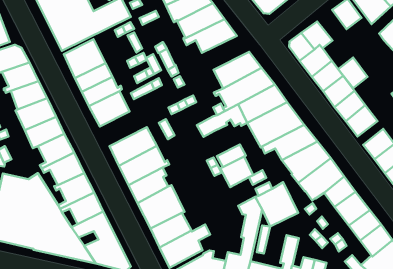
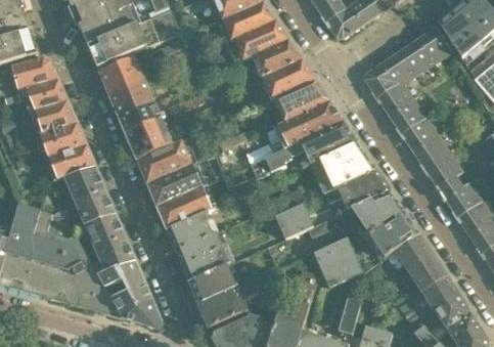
building: none -> [262,62,317,101]
building: [338,58,367,88] -> [399,39,433,75]
building: none -> [137,140,192,182]

